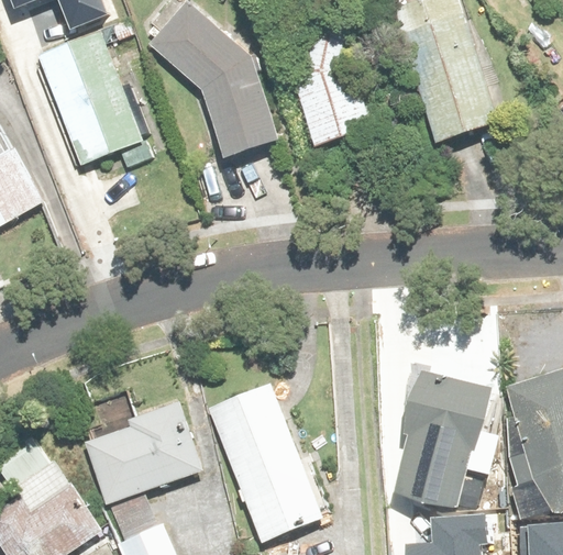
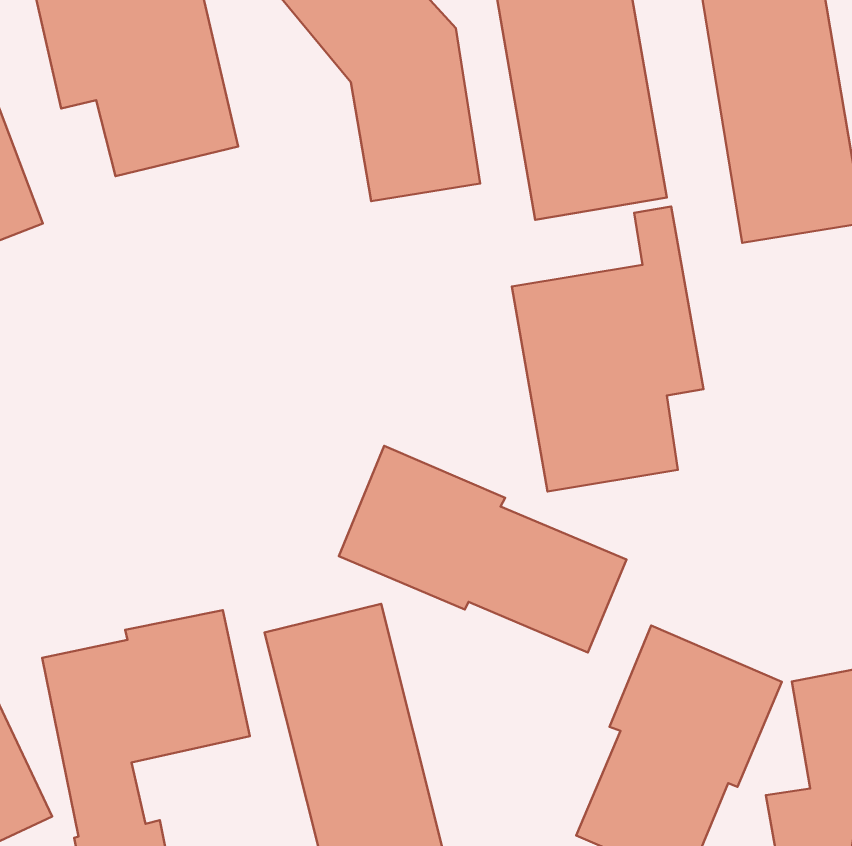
building: none -> [512,207,704,491]
building: none -> [339,446,626,653]

